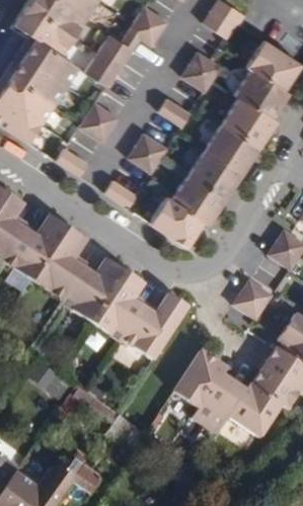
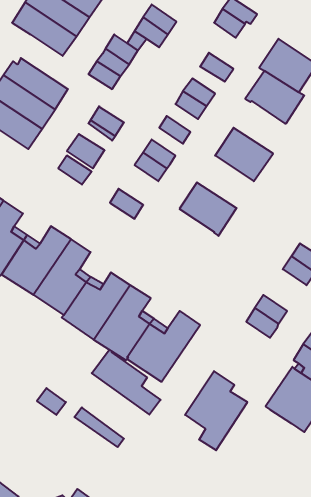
building: [20,33,78,85] -> none
building: [221,96,276,146] -> none
building: [186,148,240,197] -> none
building: [149,195,203,246] -> none
building: none -> [92,350,161,415]
building: [205,381,276,441] -> none

